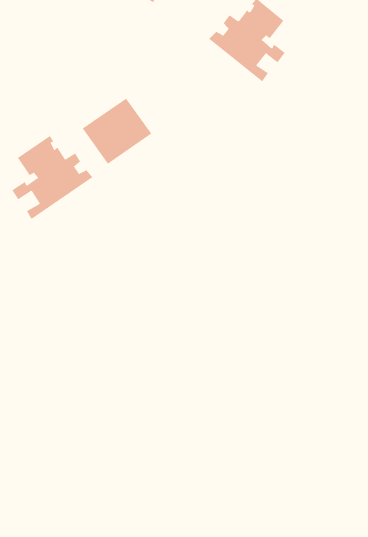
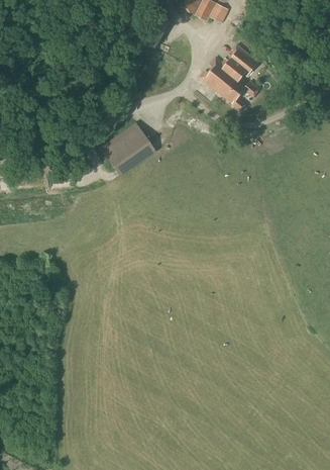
building: [12,135,93,220] -> none

